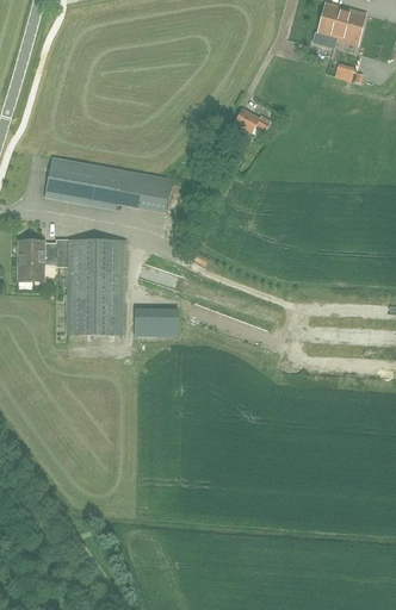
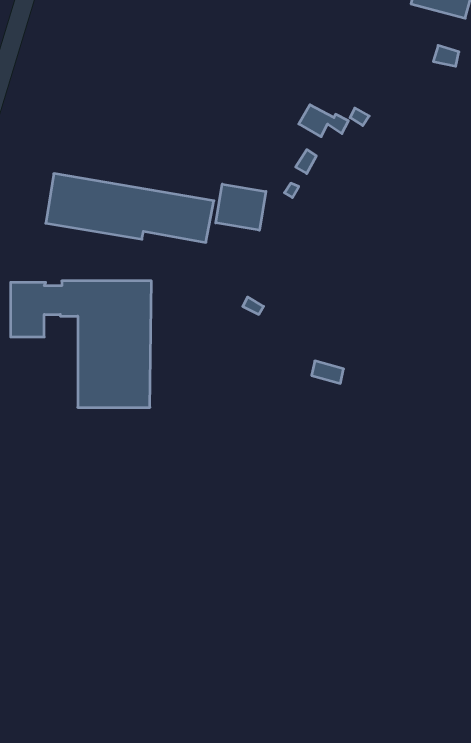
building: none -> [216,184,266,230]
building: [135,306,178,334] -> none

